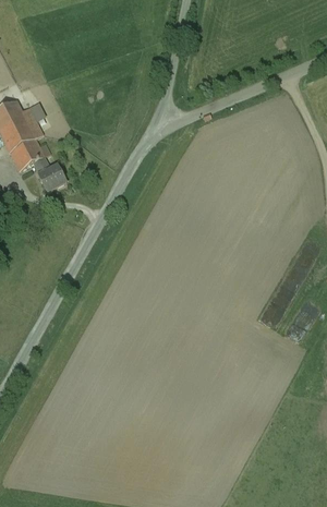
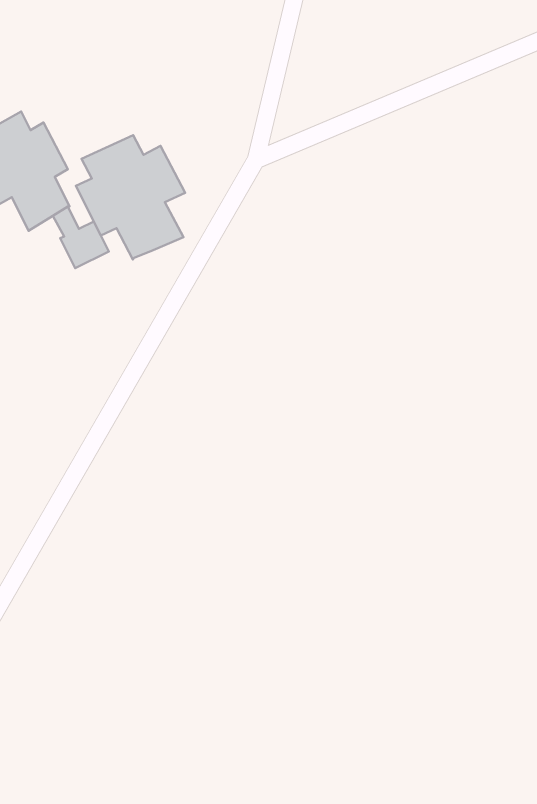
building: none -> [76,135,185,259]

